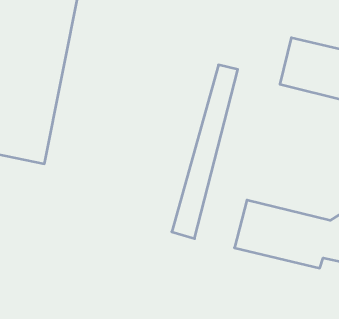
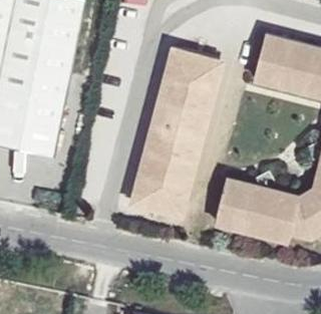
building: none -> [138,58,206,212]

